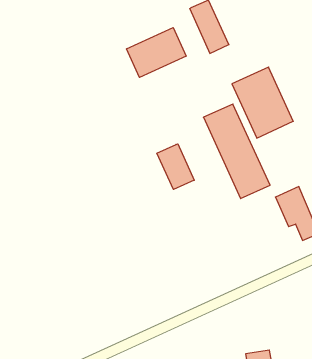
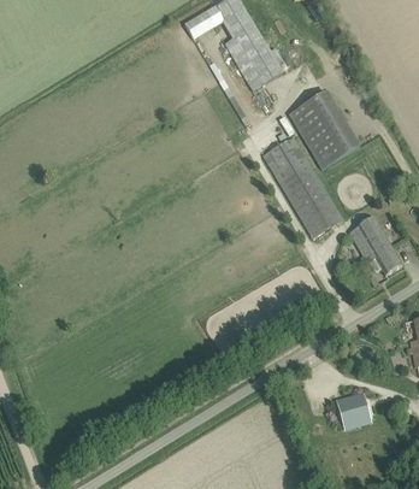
building: [127,28,186,77] -> none
building: [157,144,194,189] -> none

